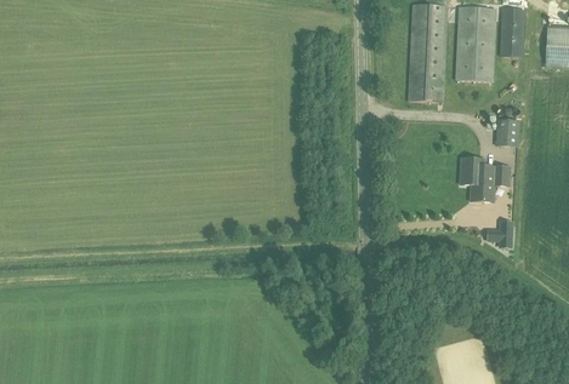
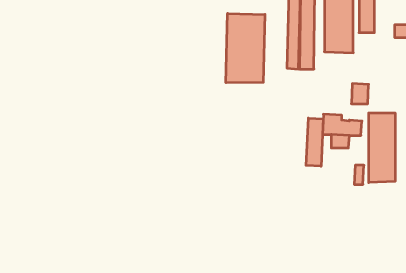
building: none -> [226,13,265,83]
building: none -> [369,113,395,183]
building: none -> [306,118,323,166]

